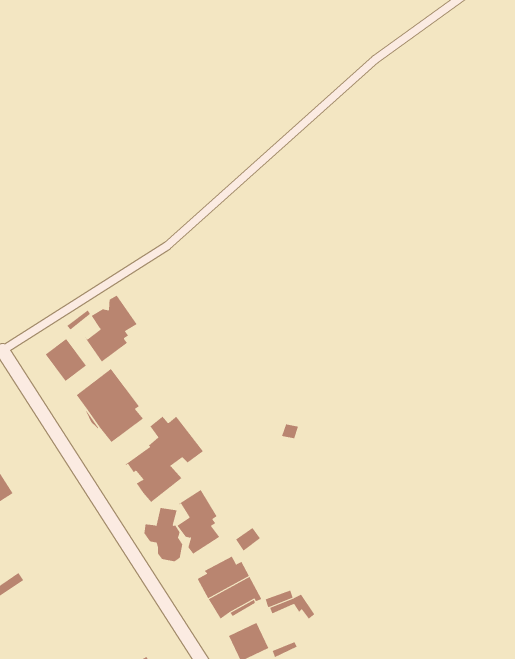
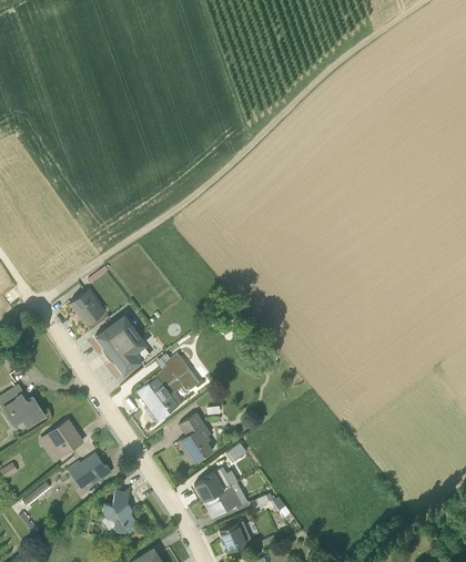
building: [84,295,138,363] -> none
building: none -> [39,421,82,461]
building: [144,508,183,562] -> [102,490,134,534]
building: none -> [68,452,111,489]

